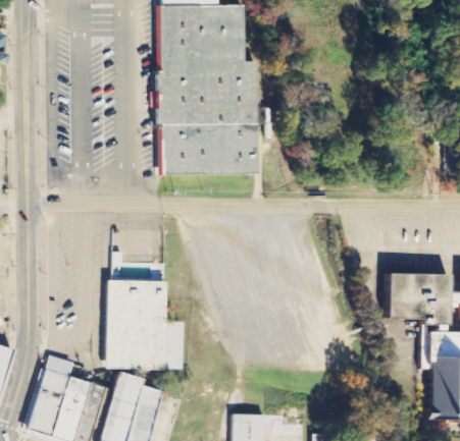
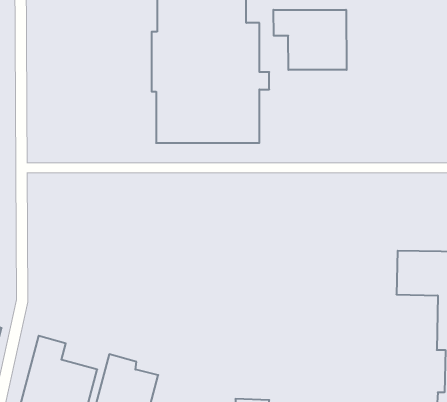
building: none -> [273,10,347,70]
building: [107,279,187,369] -> none

